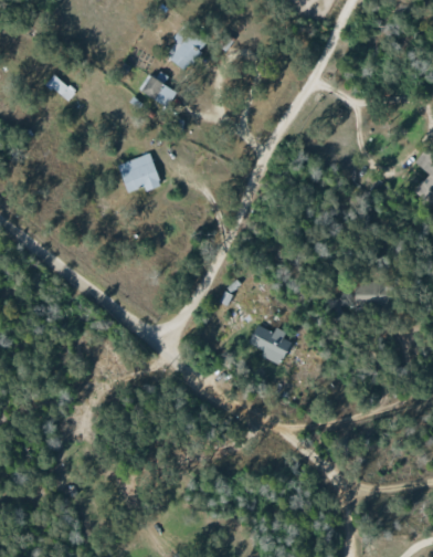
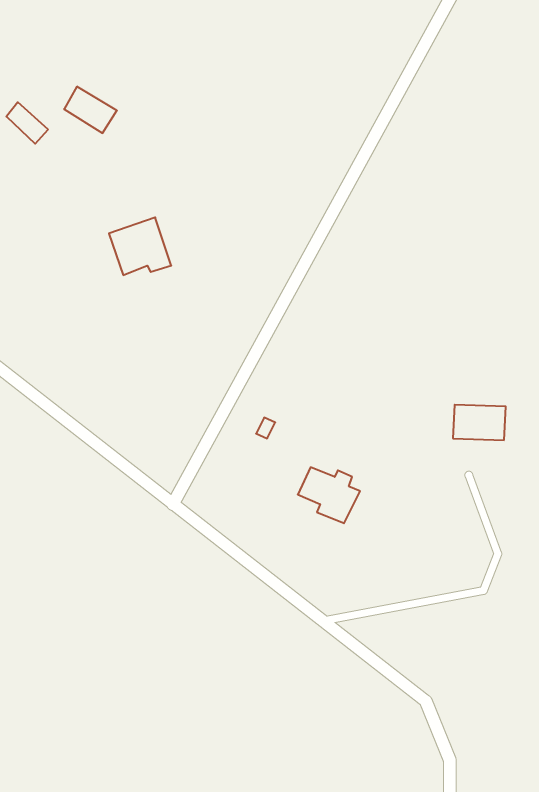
building: [166,28,205,71] -> none
building: [140,75,177,107] -> [64,87,117,133]

